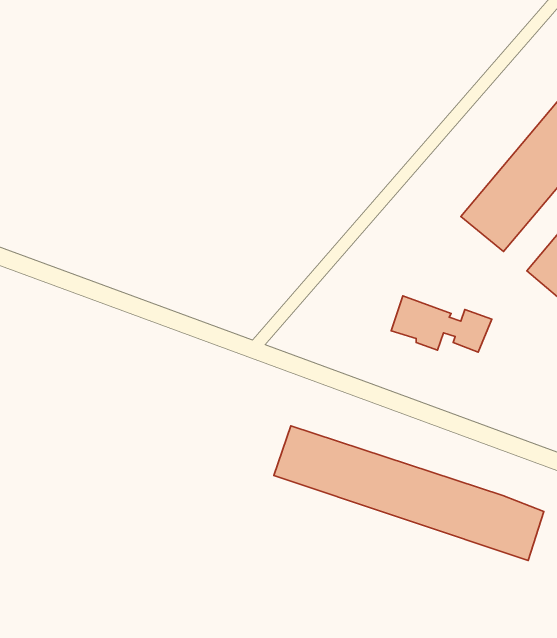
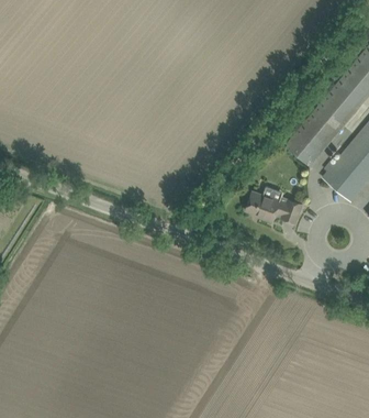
building: [274,426,544,560] -> none

